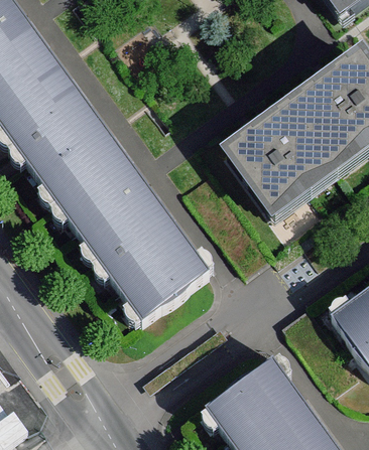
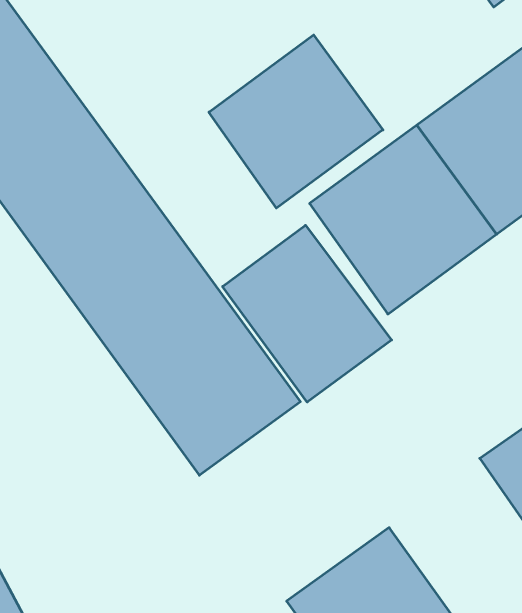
building: none -> [209,35,383,208]
building: none -> [223,225,392,402]

